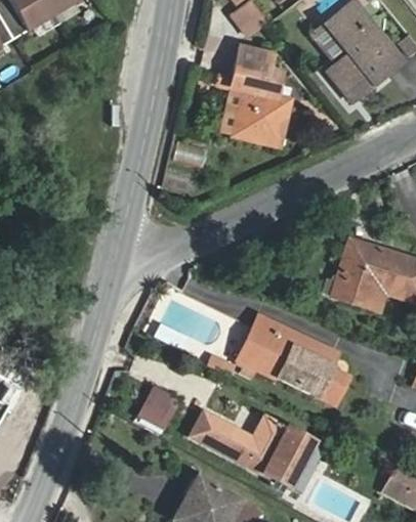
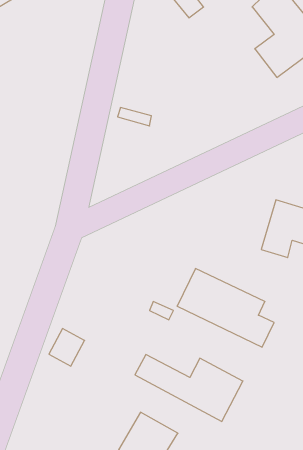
building: [221,45,290,148] -> none
building: [137,386,177,428] -> [49,329,85,366]

